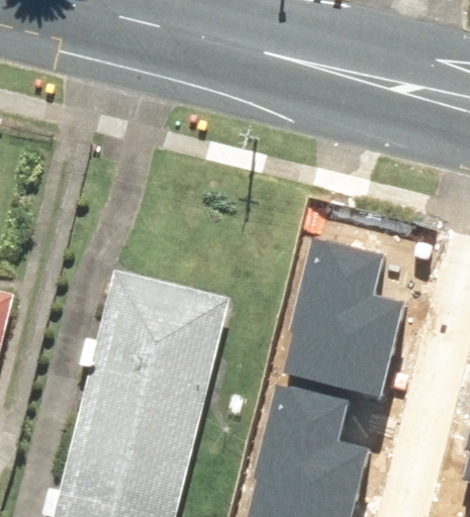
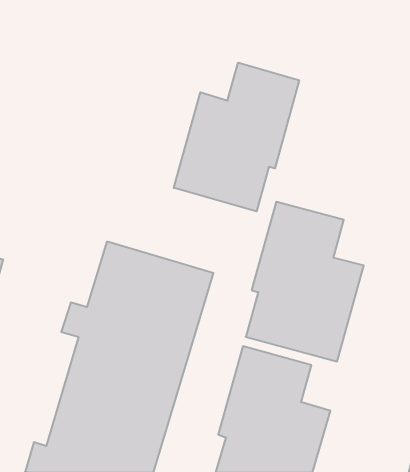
building: none -> [174,63,299,211]

